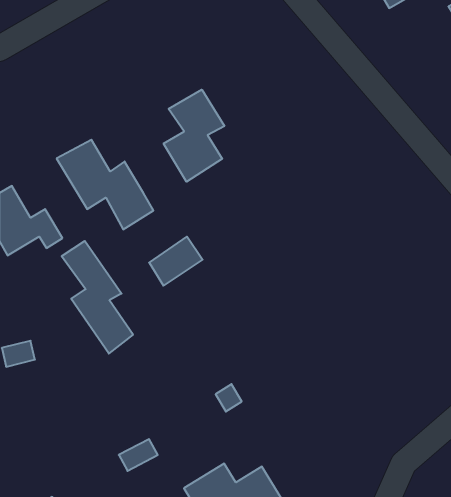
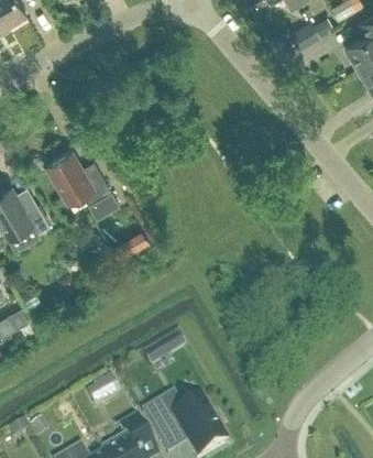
building: [164,90,224,182] -> none
building: [62,241,133,354] -> none

